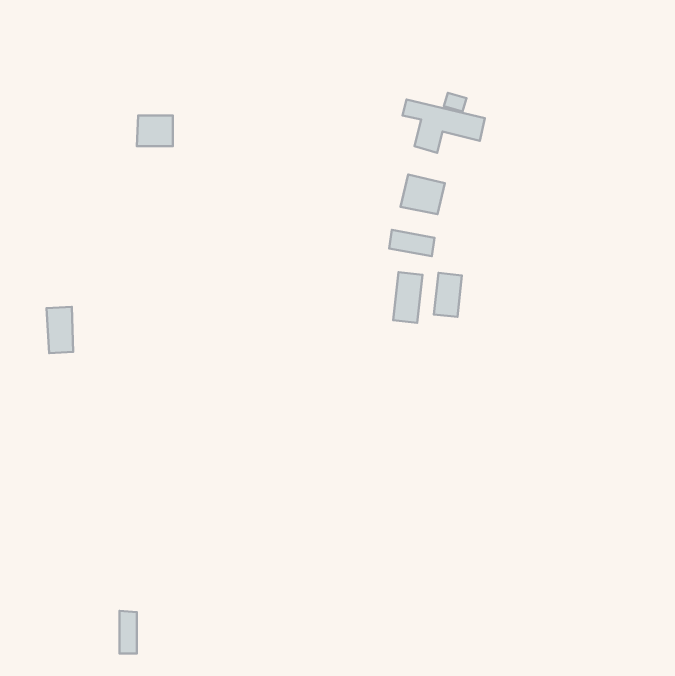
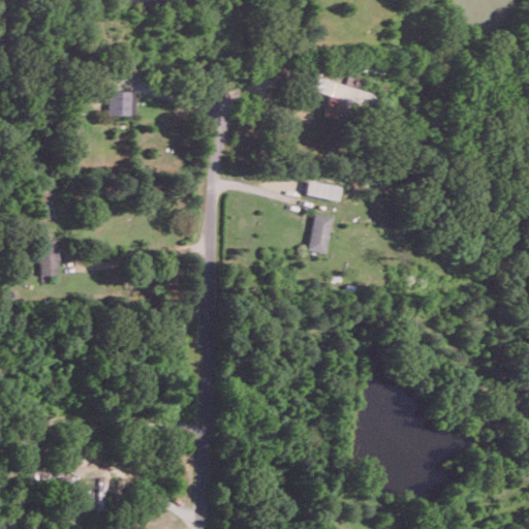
building: [401,175,445,214] -> none
building: [434,273,462,317] -> none

